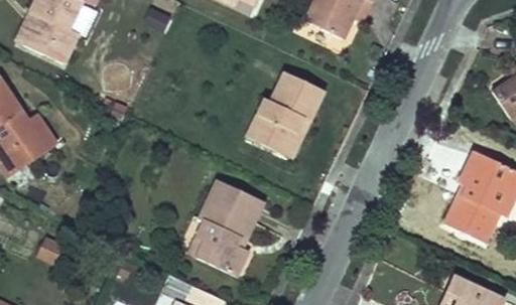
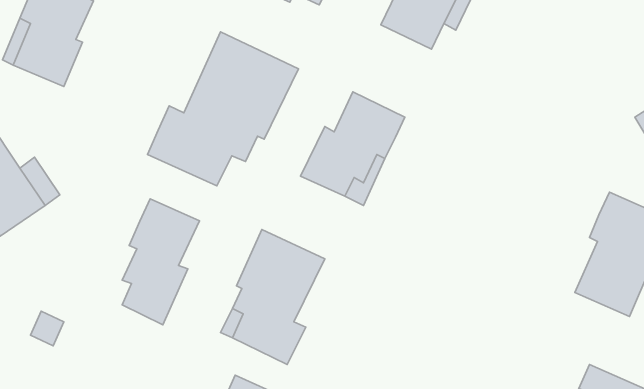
building: none -> [148,32,299,186]
building: none -> [122,199,199,325]

